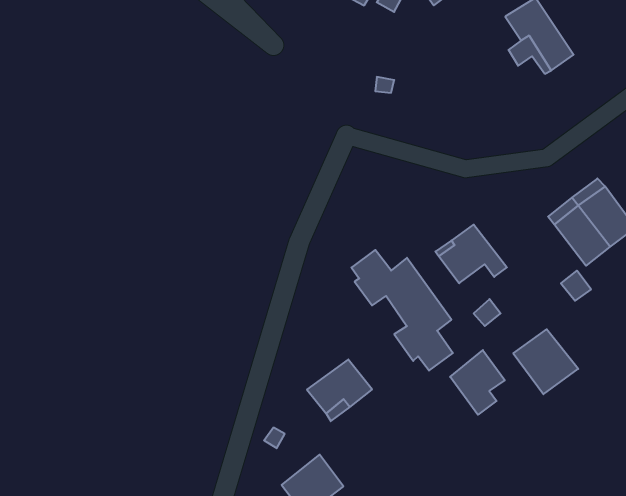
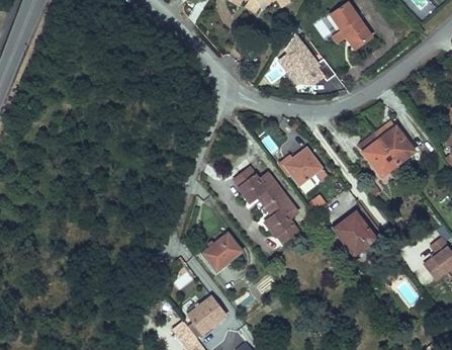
building: none -> [279,35,336,87]
building: [450,350,505,415] -> none

